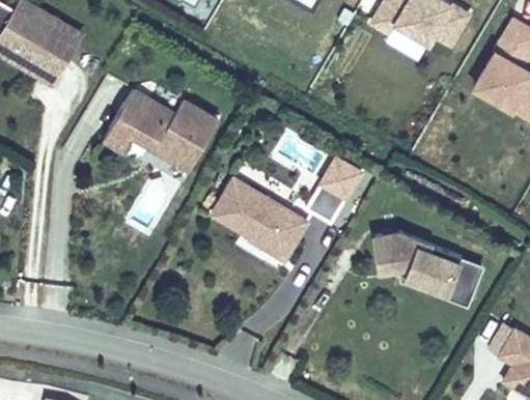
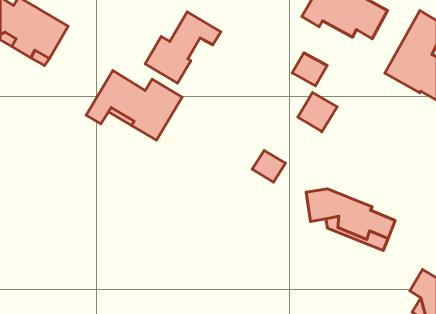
building: none -> [145,12,221,83]
building: none -> [292,53,327,86]
building: [318,152,366,200] -> [298,92,337,132]
building: [210,174,310,261] -> none

